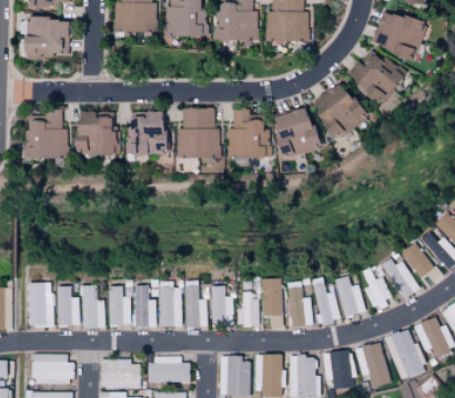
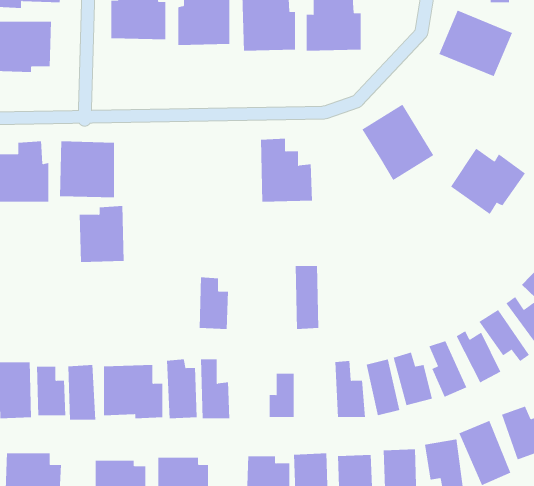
building: [347,51,406,103] -> [450,148,526,215]
building: [270,106,317,160] -> none
building: [180,108,219,157] -> none
building: [127,110,162,154] -> [79,206,124,263]
building: [263,278,282,328] -> [295,266,319,330]
building: [211,285,234,326] -> [199,277,229,330]

